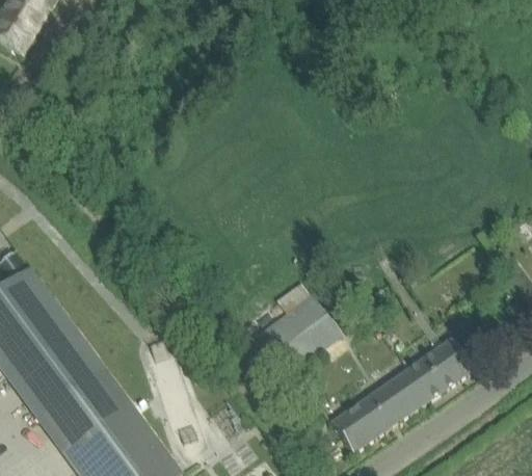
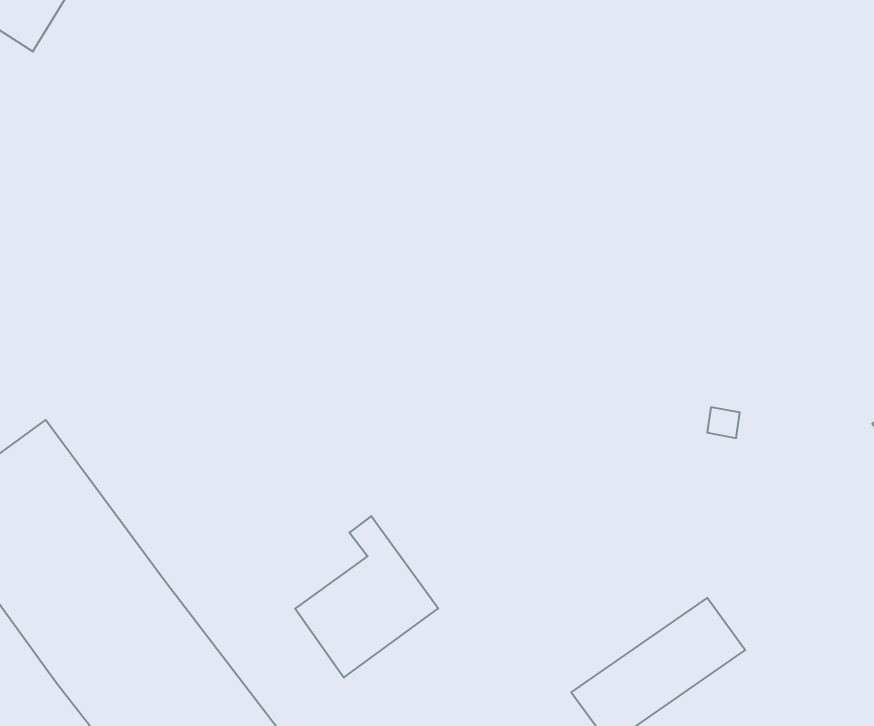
building: [257,281,339,373] -> [295,516,438,678]
building: [408,337,473,397] -> none

